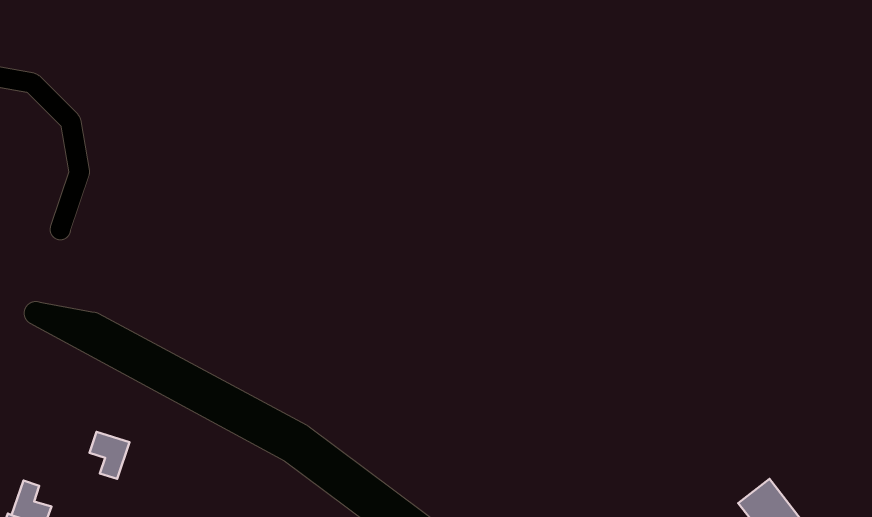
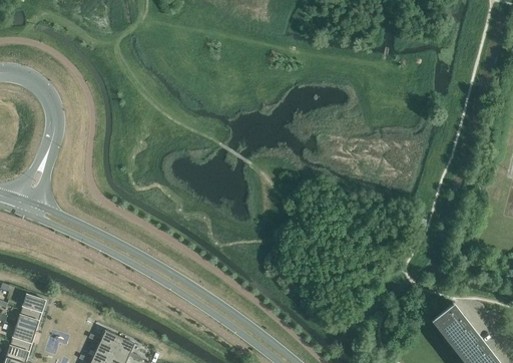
building: [89,432,130,479] -> [23,295,46,322]

